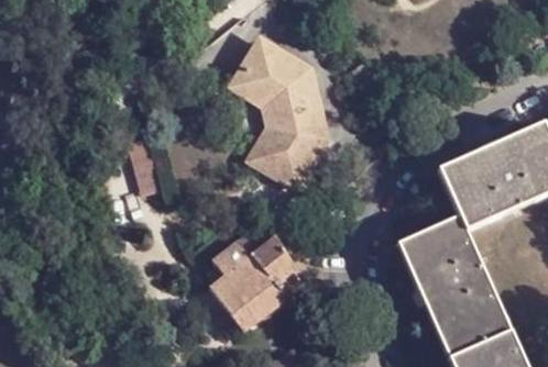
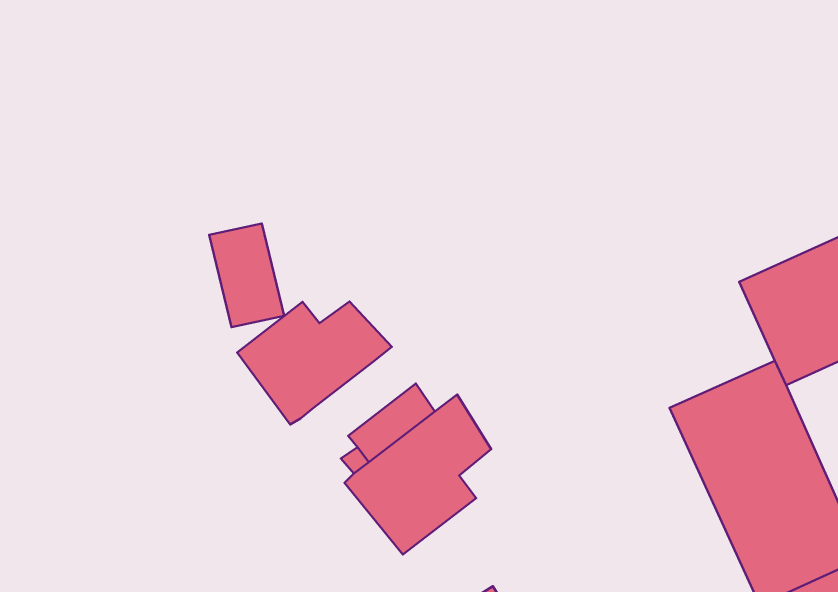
building: [235,42,329,181] -> none
building: none -> [237,301,392,424]

